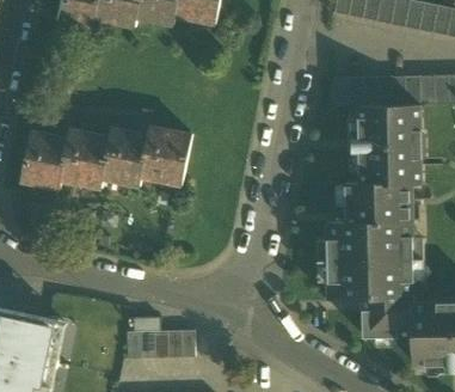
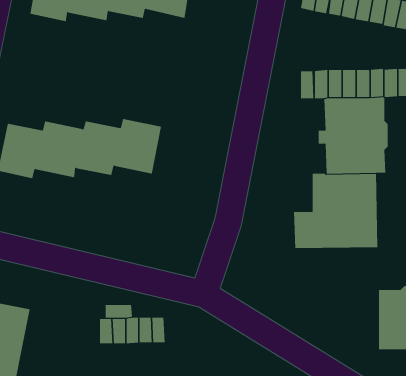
building: [326,259,413,337] -> none

